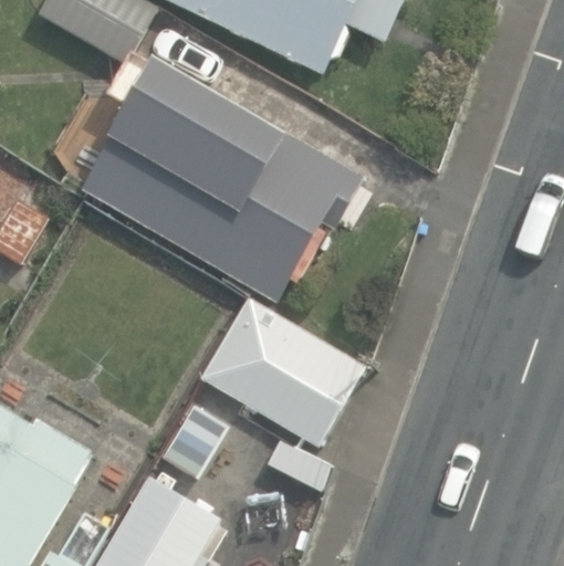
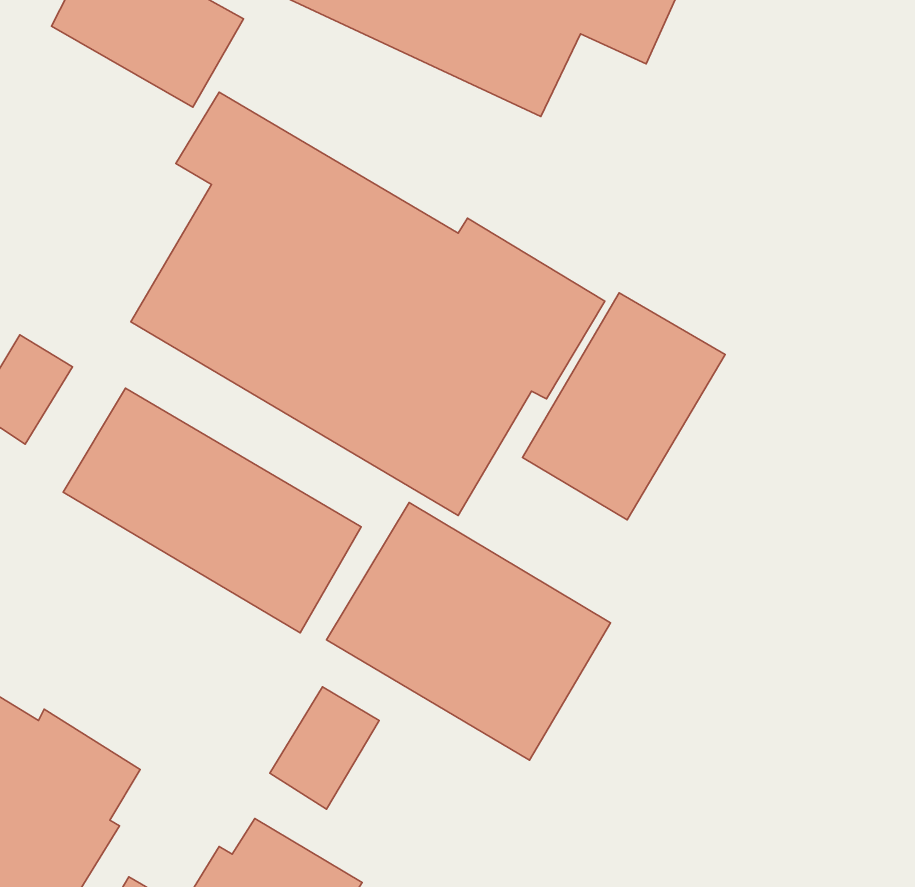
building: none -> [522,293,725,520]
building: none -> [63,388,361,633]

